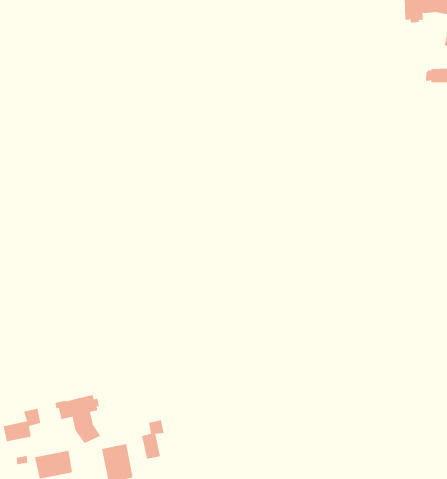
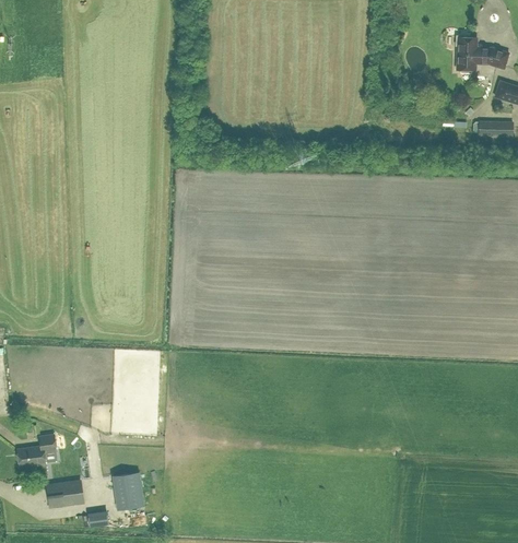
building: [55,394,101,444] -> none
building: [142,419,164,460] -> none

